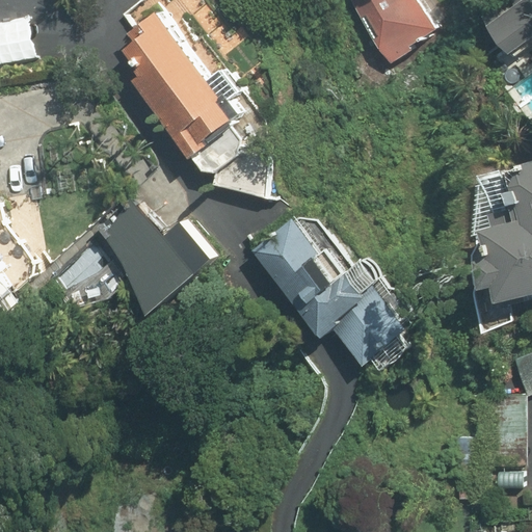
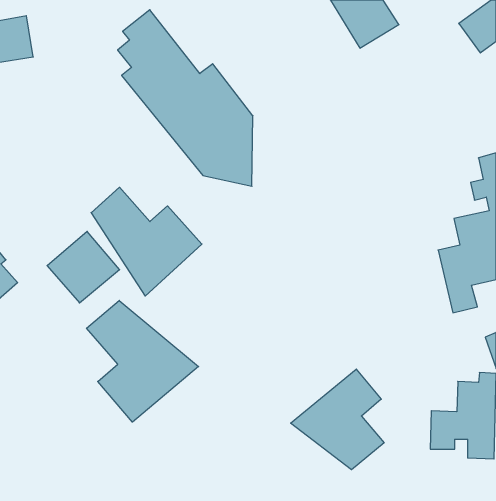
building: [252,217,420,370] -> none
building: none -> [87,300,199,422]
building: none -> [291,369,384,470]

